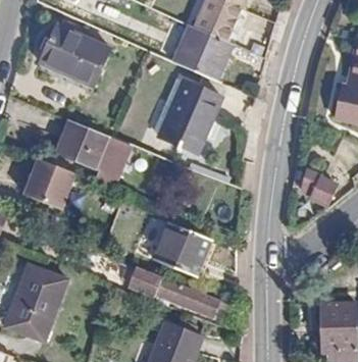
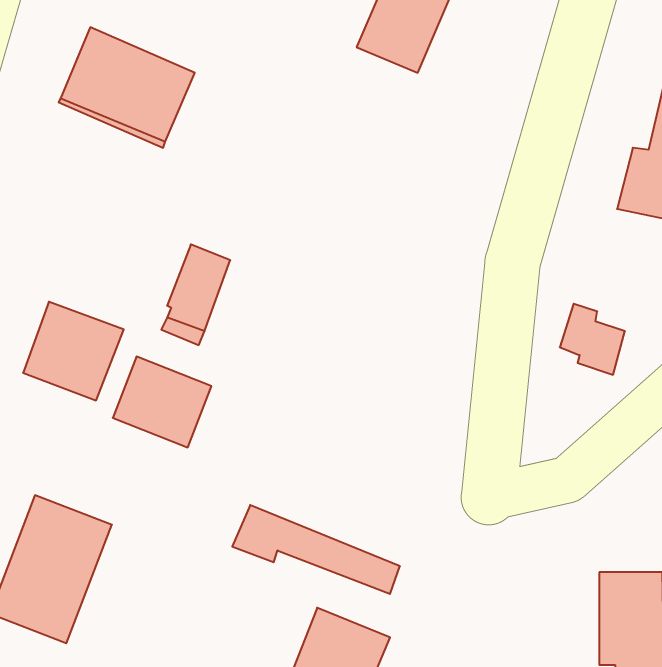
building: [170,29,228,85] -> none
building: [160,79,220,152] -> none
building: [57,118,108,165] -> [113,357,211,447]
building: [155,221,213,276] -> none

